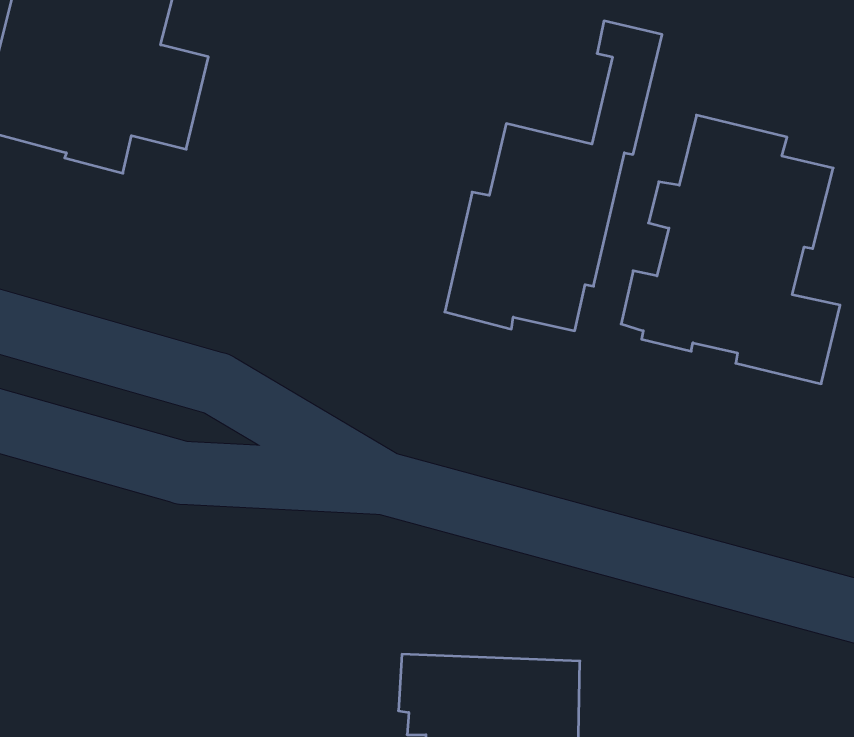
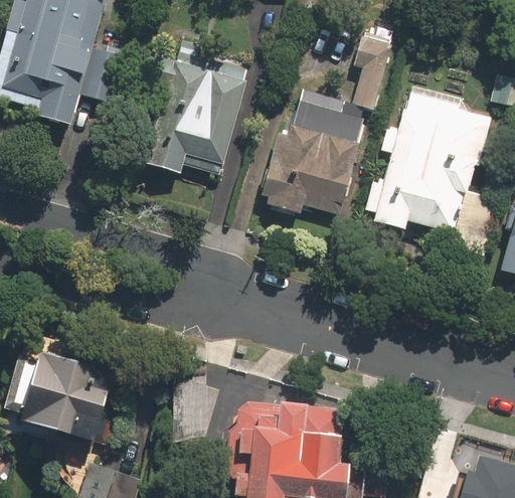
building: none -> [148,52,248,175]
building: none -> [9,341,116,440]

